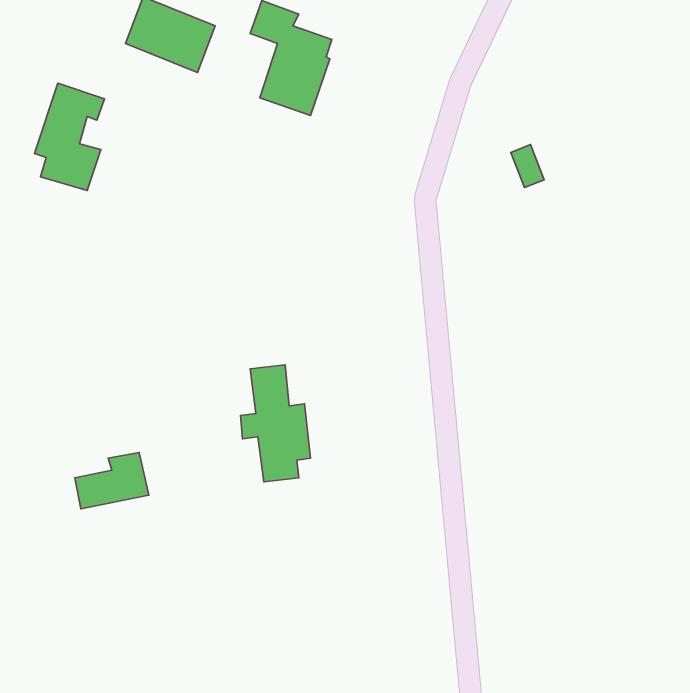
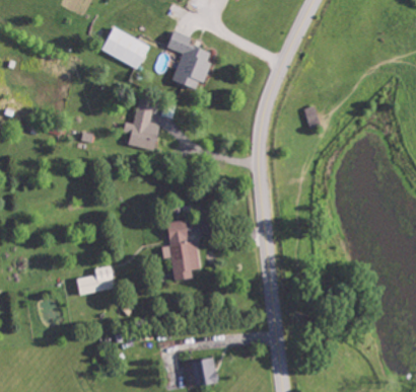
building: [35,83,105,190] -> [126,95,162,151]
building: none -> [193,359,217,385]

